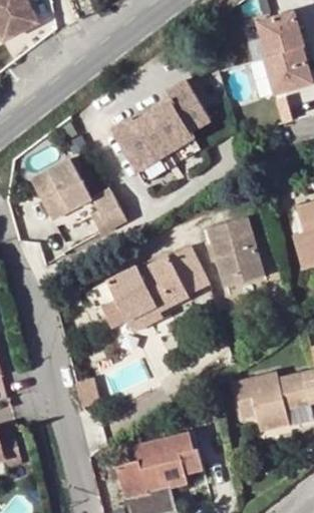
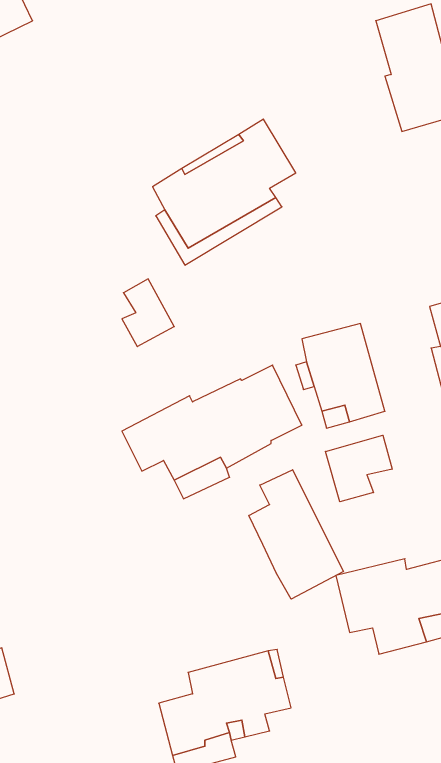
building: [34,160,94,220] -> none
building: none -> [325,435,392,502]
building: none -> [249,470,343,599]

